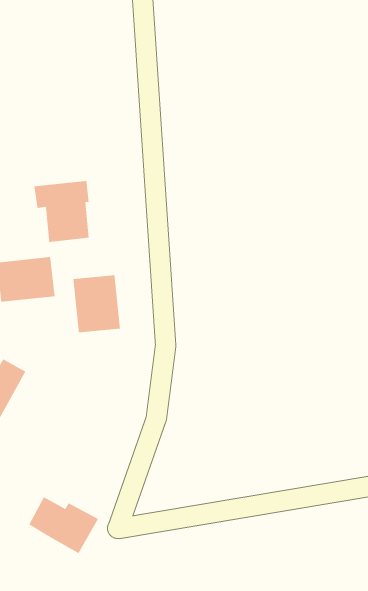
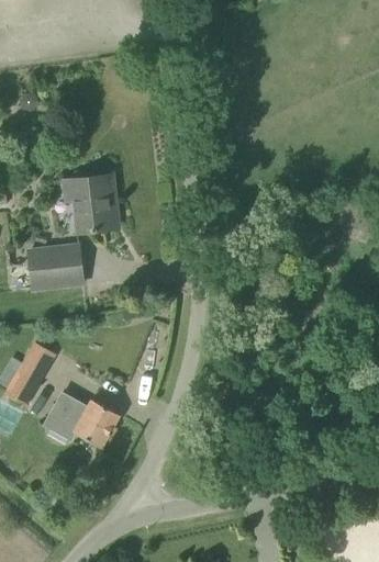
building: [73,275,121,333] -> none
building: [28,497,99,554] -> [54,394,120,448]

